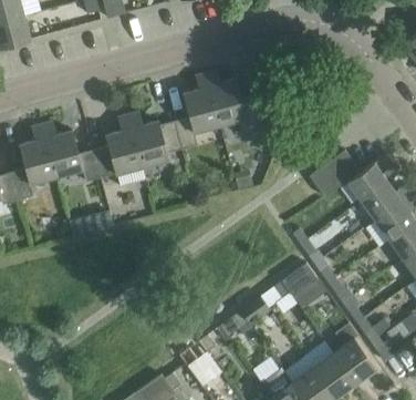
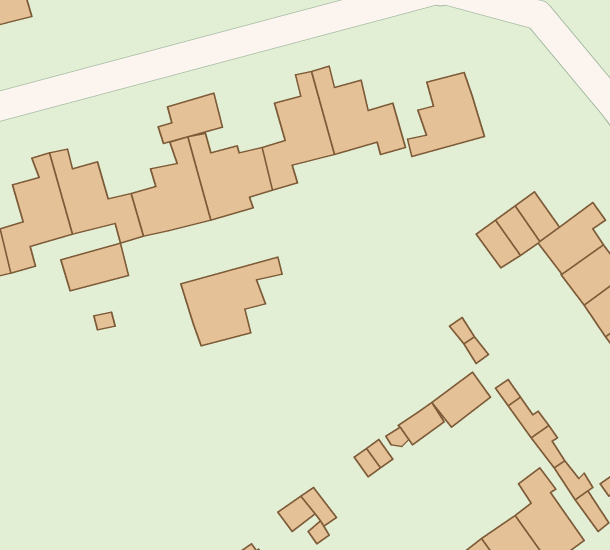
building: none -> [407,72,484,157]
building: none -> [158,93,223,144]
building: none -> [61,243,128,291]
building: none -> [181,257,282,346]

